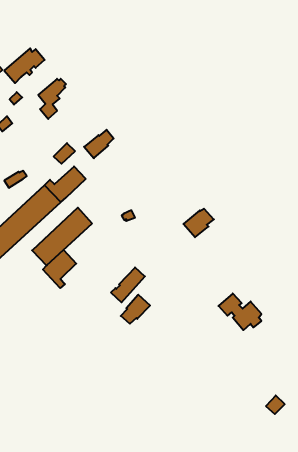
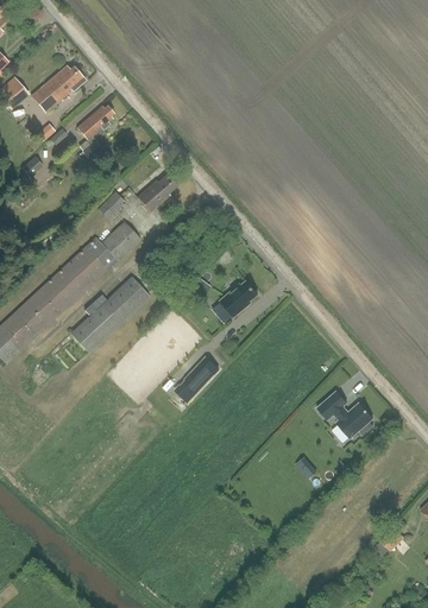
building: [183,209,214,237] -> [219,279,259,317]
building: [43,250,76,288] -> none
building: [121,295,150,324] -> none

